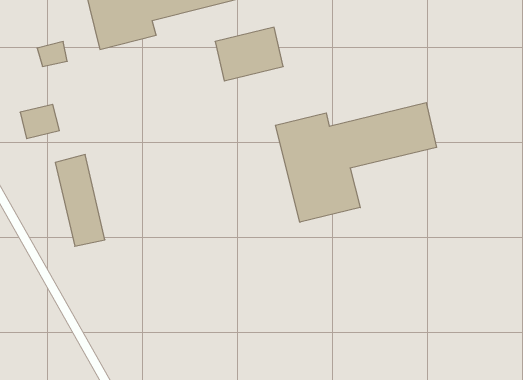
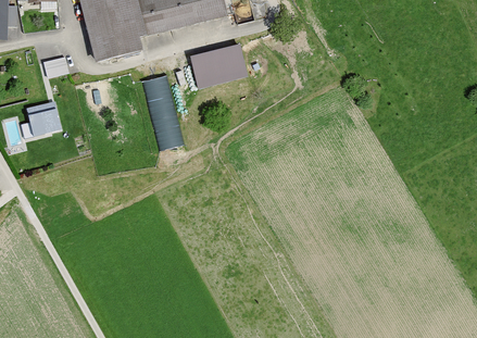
building: [275,103,437,222] -> none
building: [55,155,105,246] -> [143,70,185,146]

